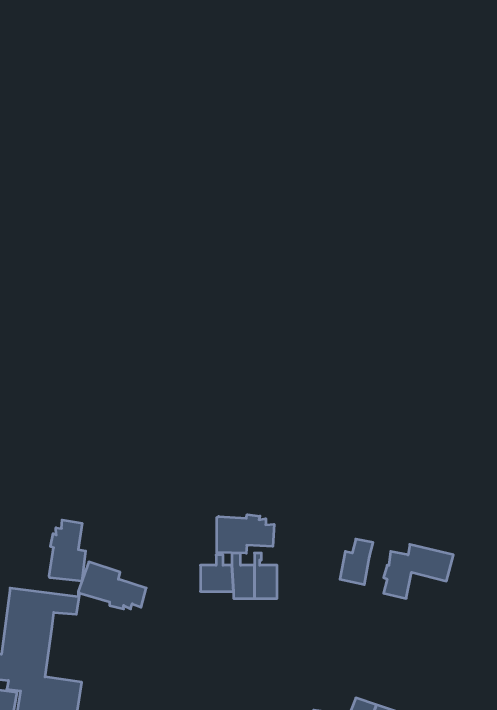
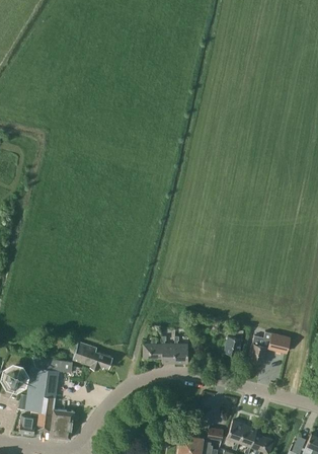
building: [217,515,274,553] -> none
building: [49,520,86,581] -> none

